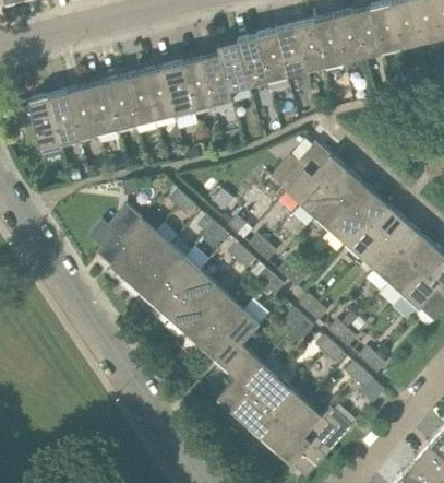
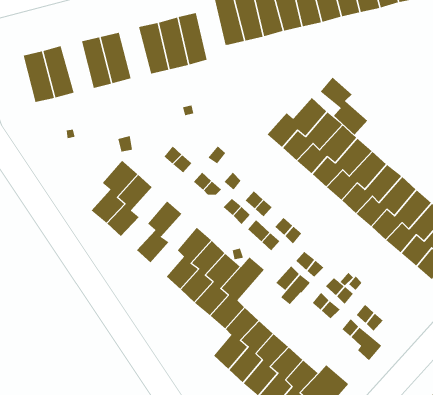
building: [201,54,232,105] -> none
building: [124,72,155,123] -> none
building: [67,86,98,138] -> none
building: none -> [320,77,368,135]
building: [125,232,171,294] -> none
building: [155,258,201,320] -> none

